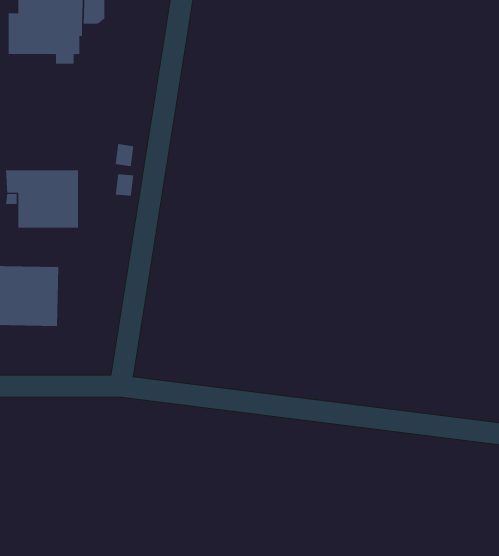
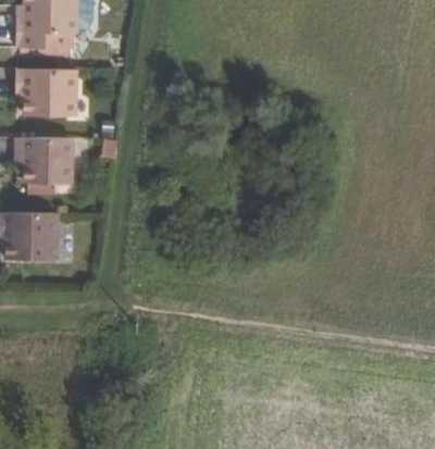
building: none -> [15,70,75,116]

